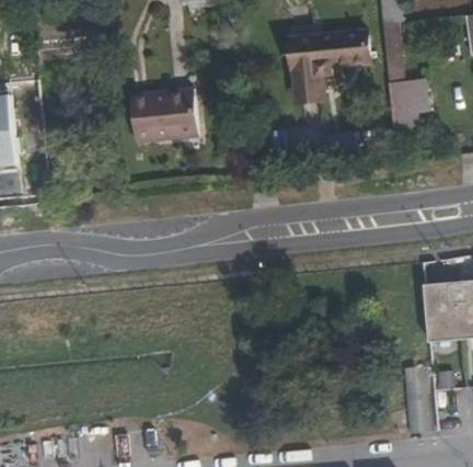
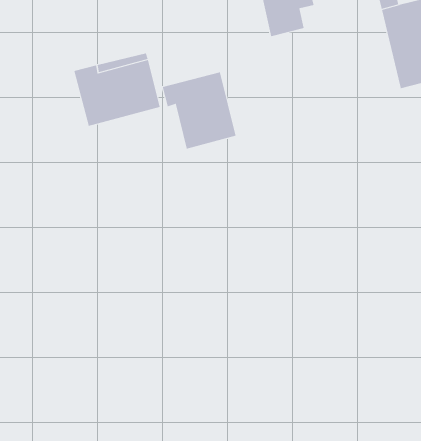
building: none -> [162,72,236,149]

